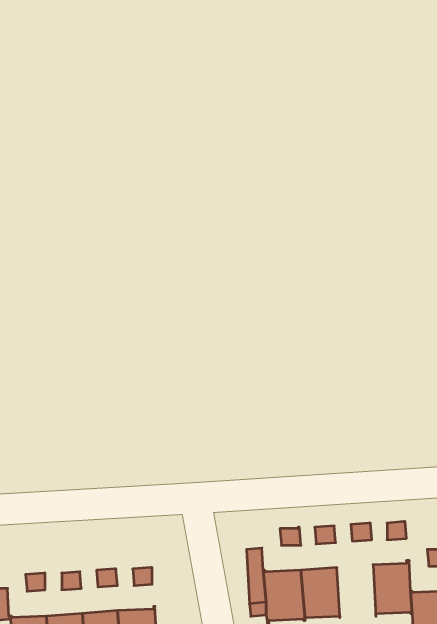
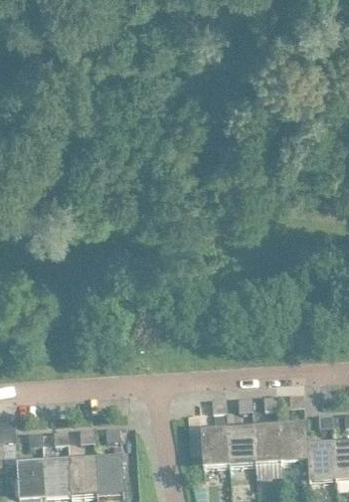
building: none -> [253,425,282,463]

